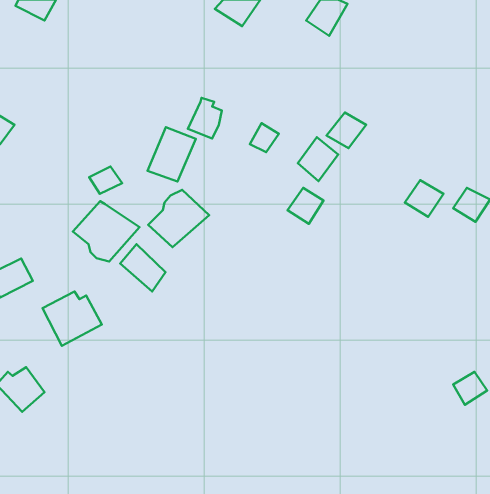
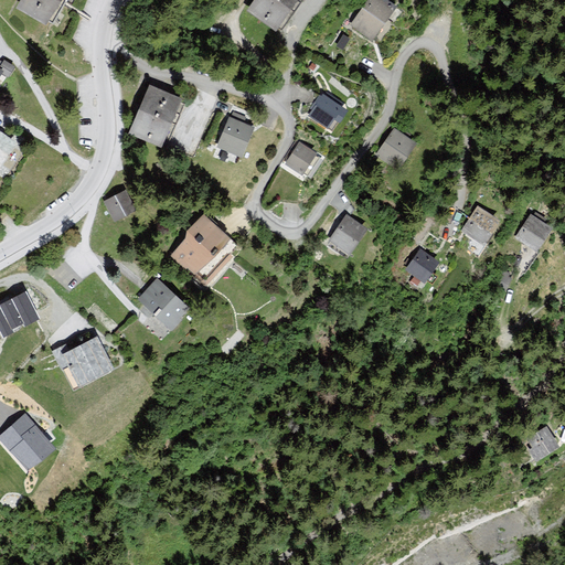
building: none -> [306,93,351,128]
building: [147,127,196,181] -> [127,84,182,146]
building: [298,137,338,181] -> none
building: [73,201,140,262] -> none
building: none -> [404,249,441,282]

